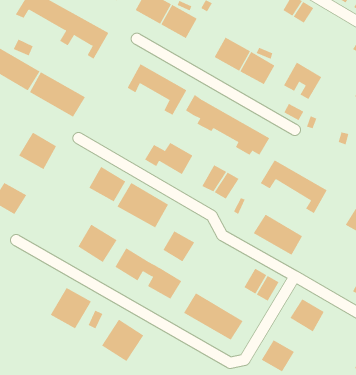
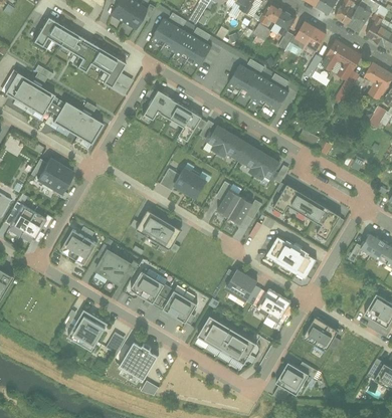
building: [283,62,322,100] -> [321,41,359,78]
building: [88,166,126,202] -> [60,229,97,264]
building: [162,230,195,262] -> [226,270,258,301]

